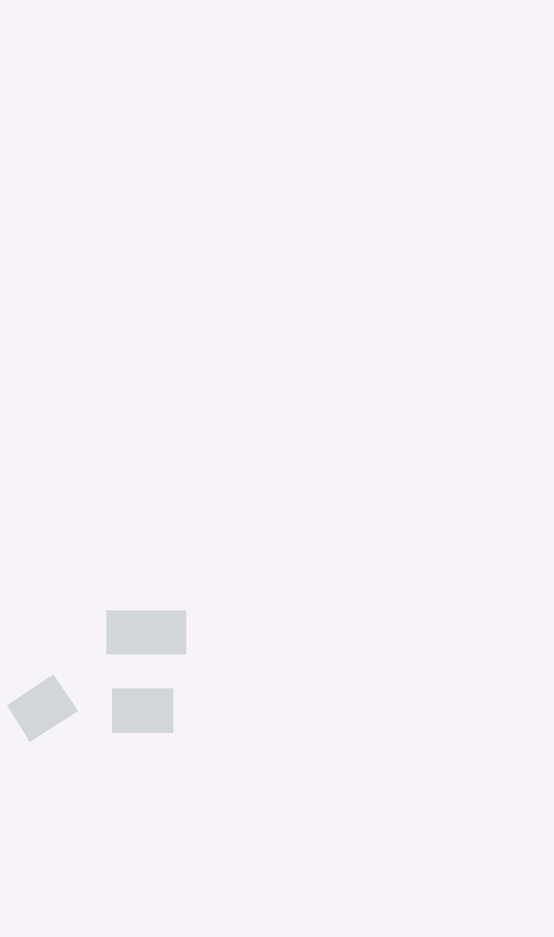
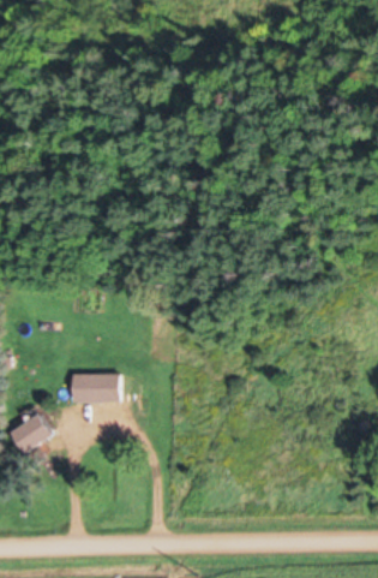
building: [111,688,174,734] -> none

